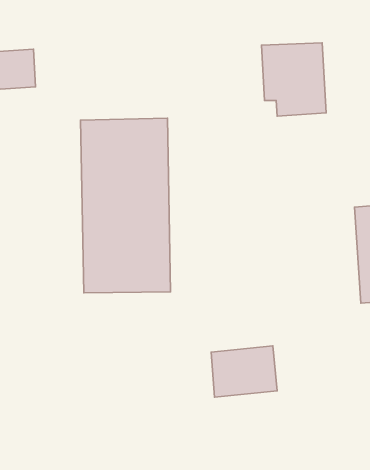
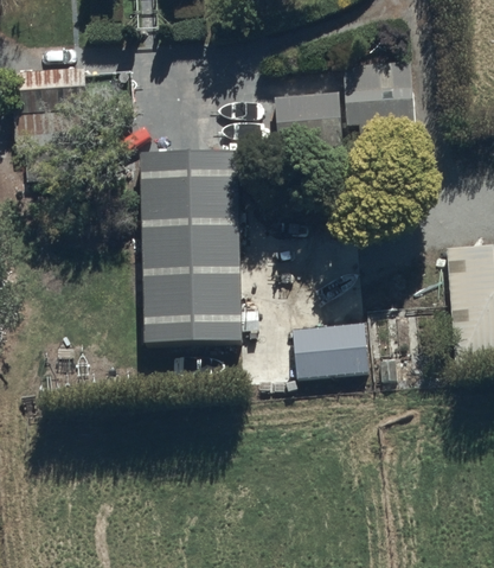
building: none -> [277,94,344,151]
building: [211,346,277,397] -> [293,319,367,377]

